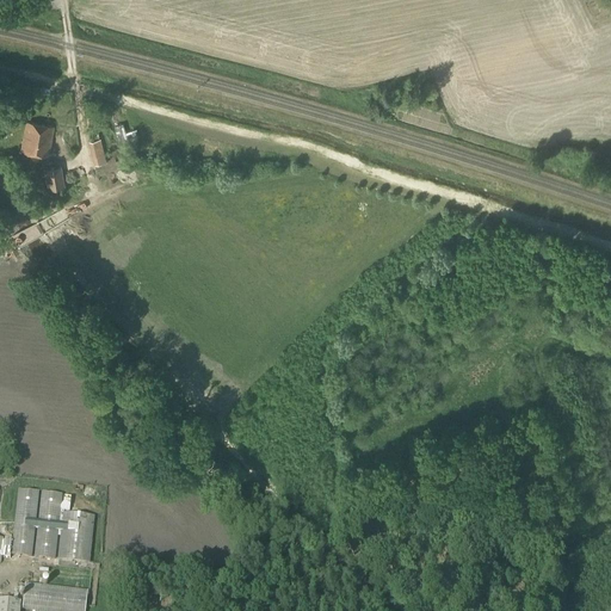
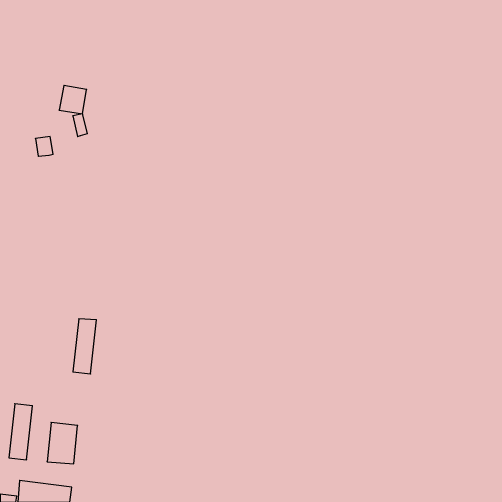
building: [20,122,54,156] -> [59,85,87,114]
building: [33,494,62,561] -> [73,319,96,374]

